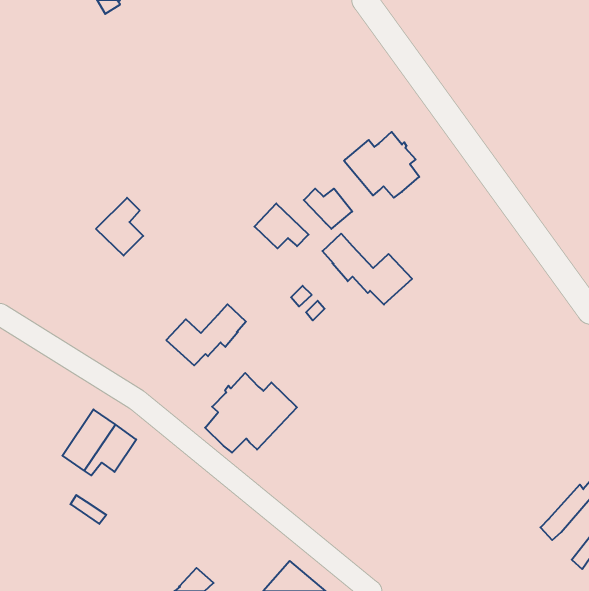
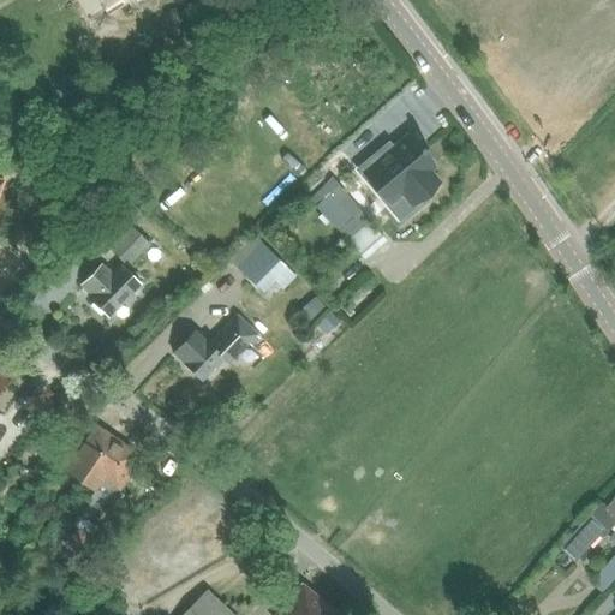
building: [254,203,309,248] -> [239,244,295,291]
building: [322,234,412,305] -> none
building: none -> [84,265,143,316]
building: [205,373,297,453] -> none

